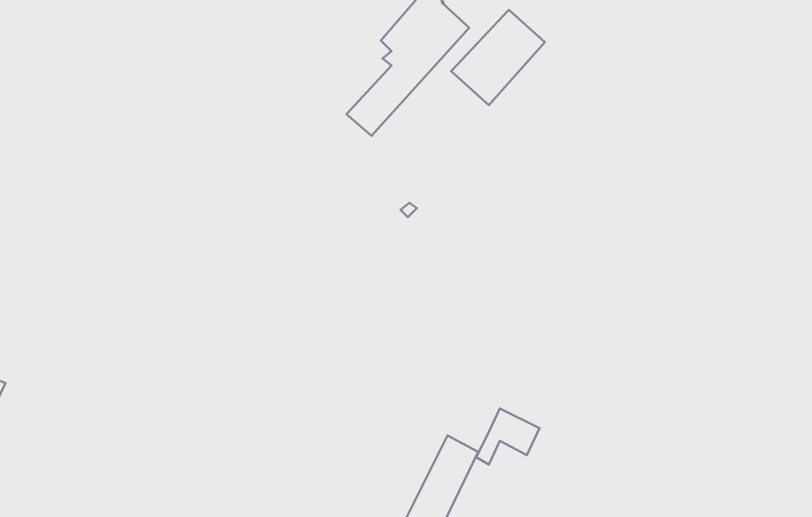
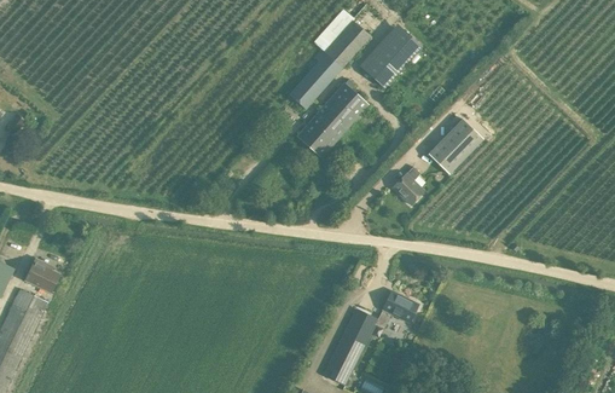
building: none -> [296,77,366,156]
building: none -> [427,117,482,173]
building: none -> [391,167,423,206]

